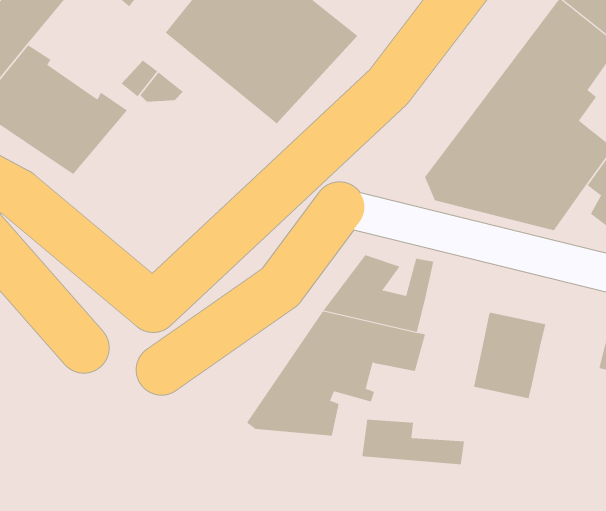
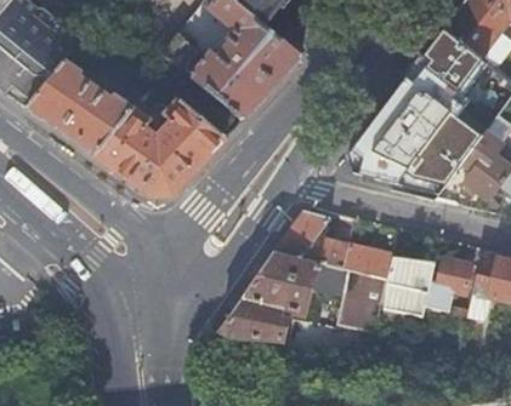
building: none -> [96,98,226,194]
building: none -> [342,242,393,276]
building: none -> [425,256,472,309]
building: none -> [343,279,385,328]

